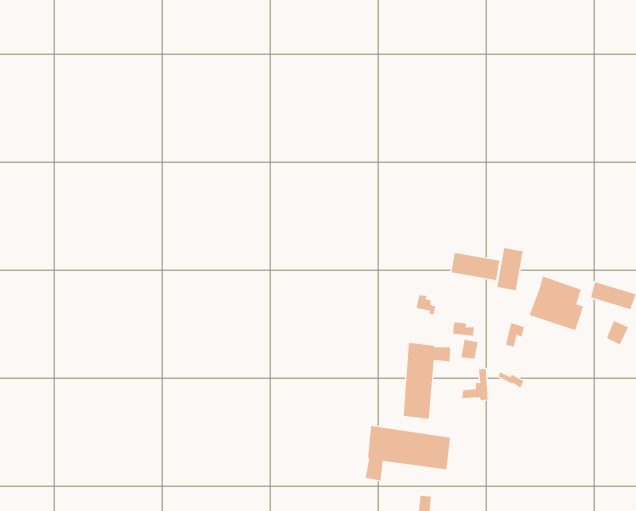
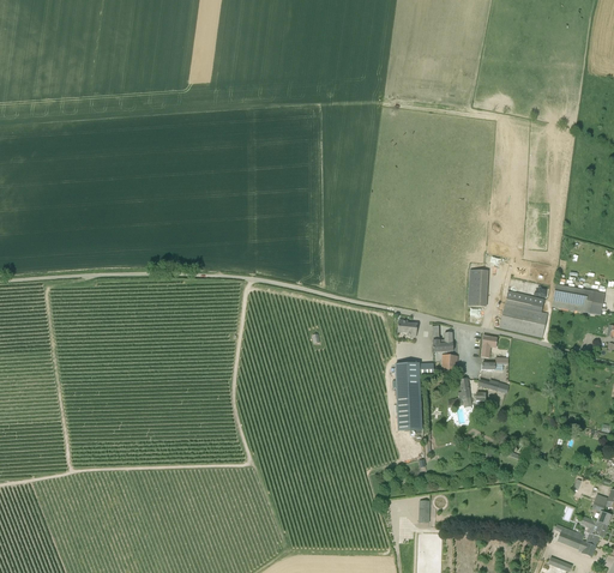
building: [451,252,500,281] -> none
building: [365,425,450,481] -> none

